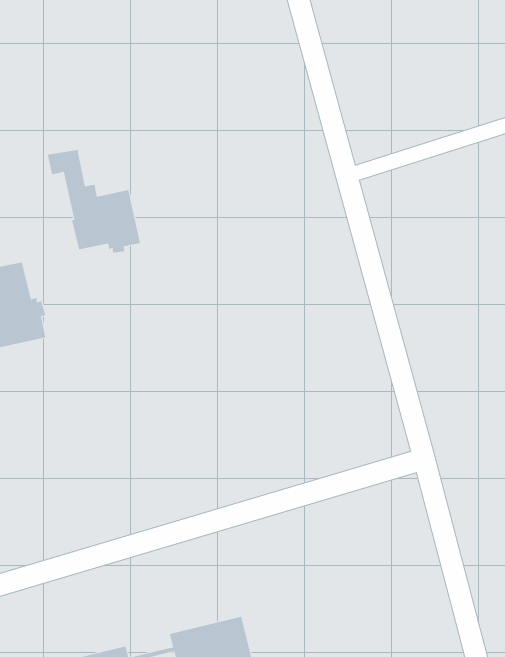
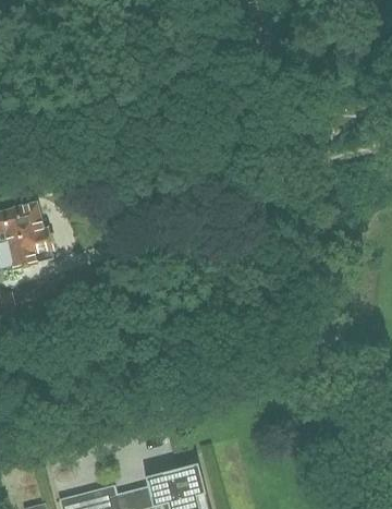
building: [47,149,140,253] -> none

